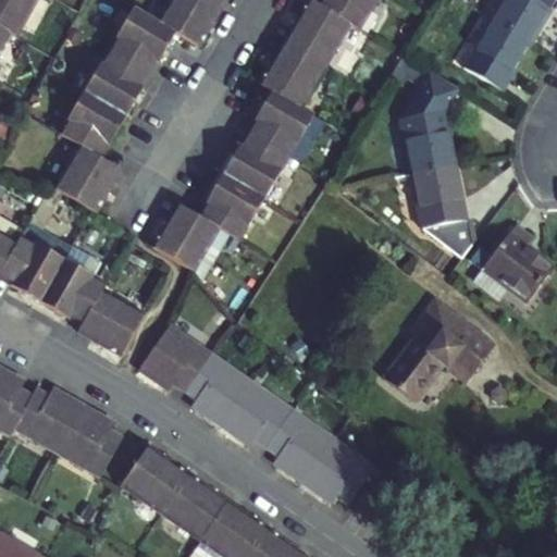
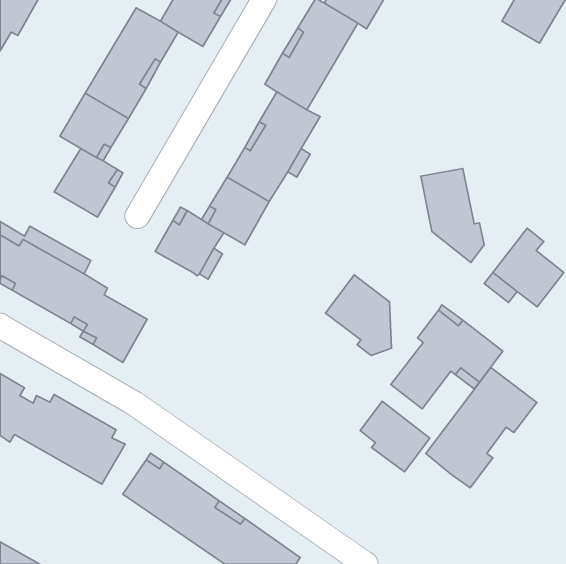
building: [465,21,530,90] -> none
building: [400,71,457,173] -> none
building: none -> [326,275,392,356]
building: [139,325,374,503] -> none
building: none -> [426,367,537,488]
building: none -> [360,401,430,472]

